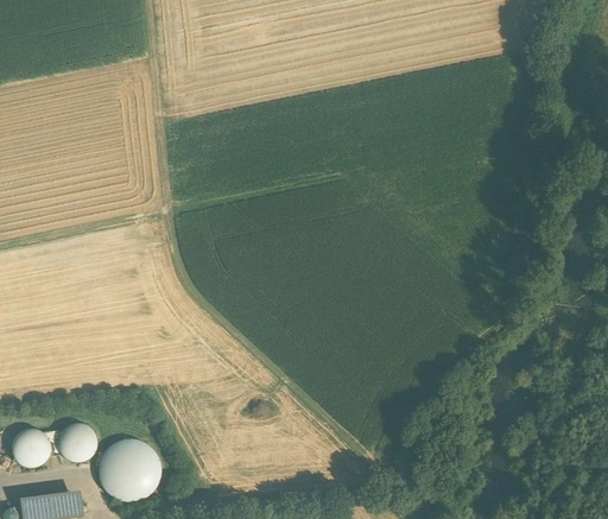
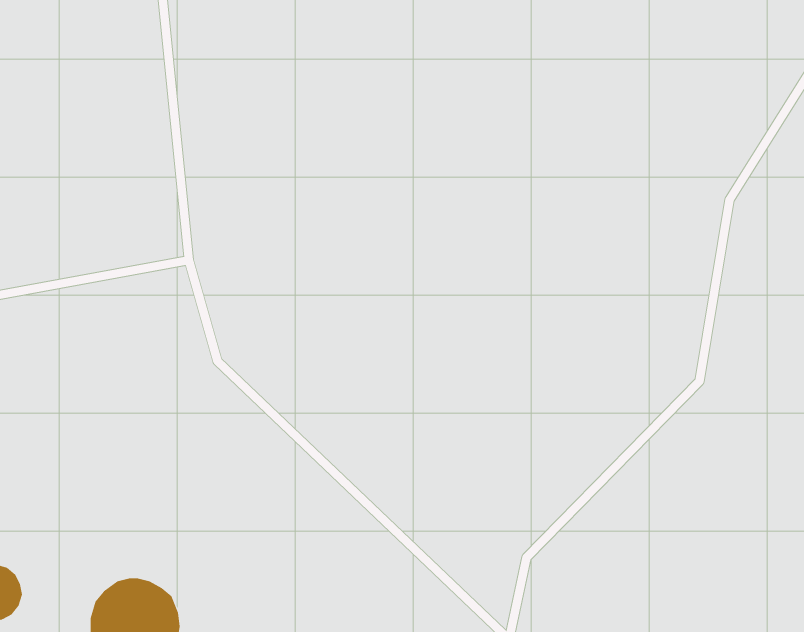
building: [57,422,97,461] -> none

